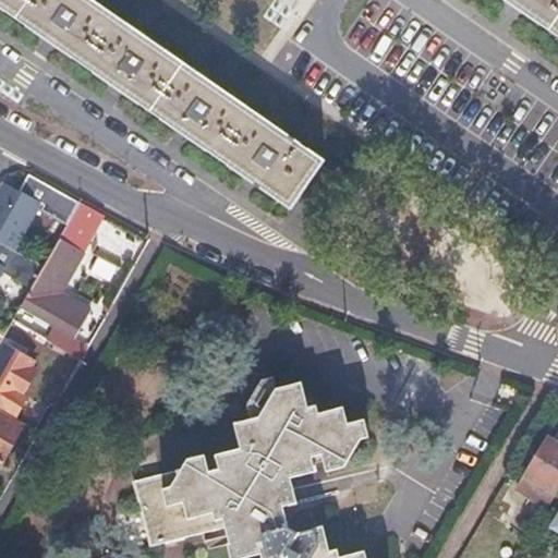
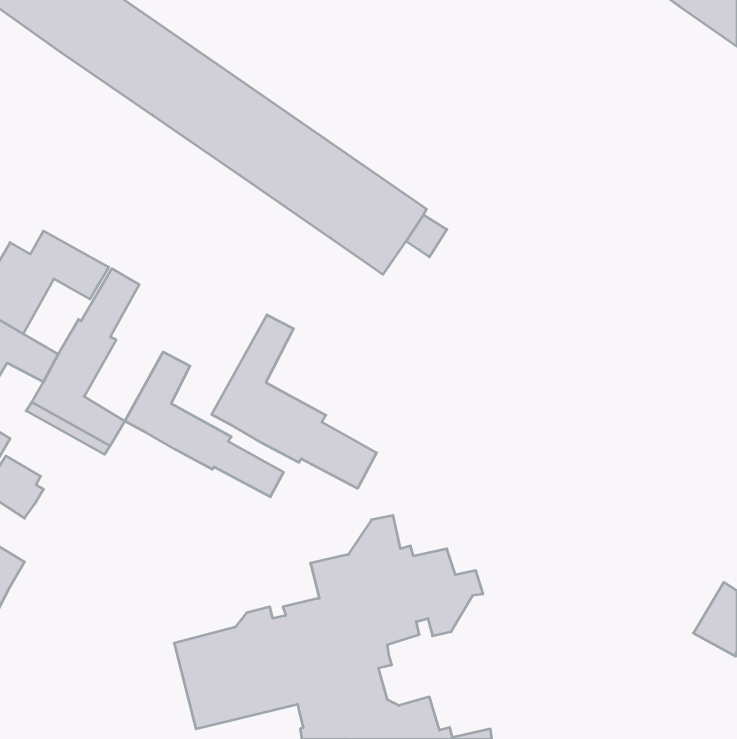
building: none -> [212,315,377,488]
building: none -> [125,352,283,497]

